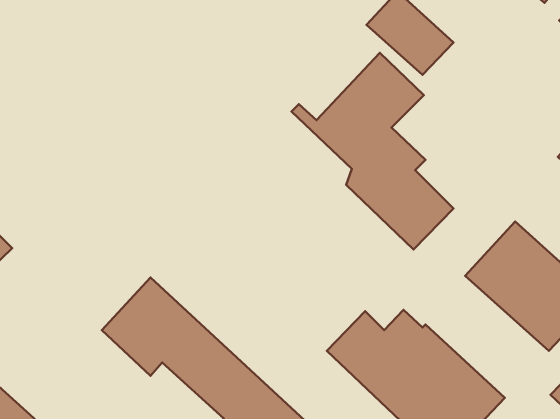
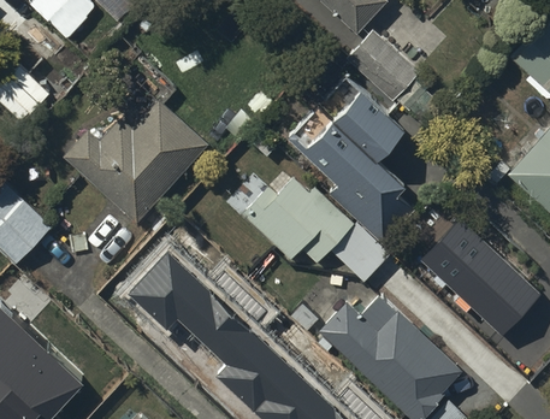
building: none -> [61,98,208,222]
building: none -> [242,171,389,282]

